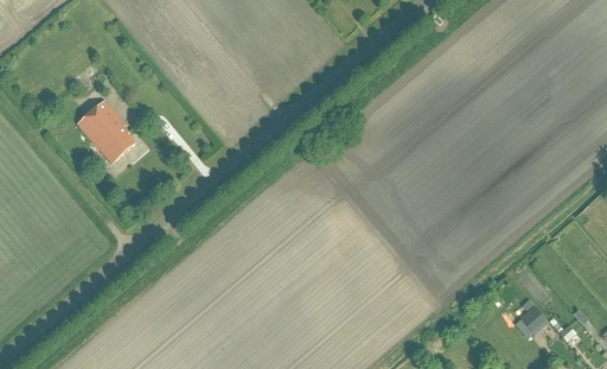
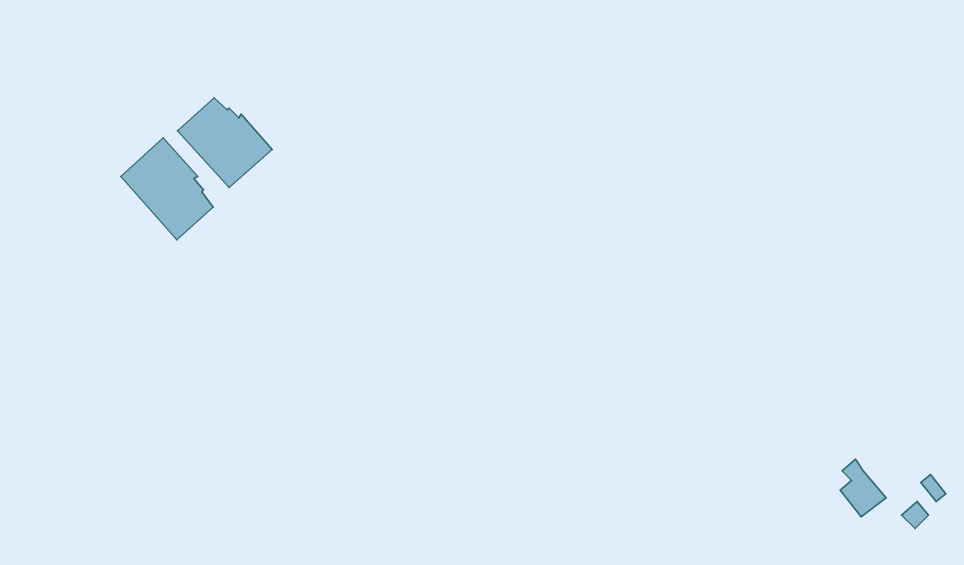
building: none -> [177,98,272,188]

